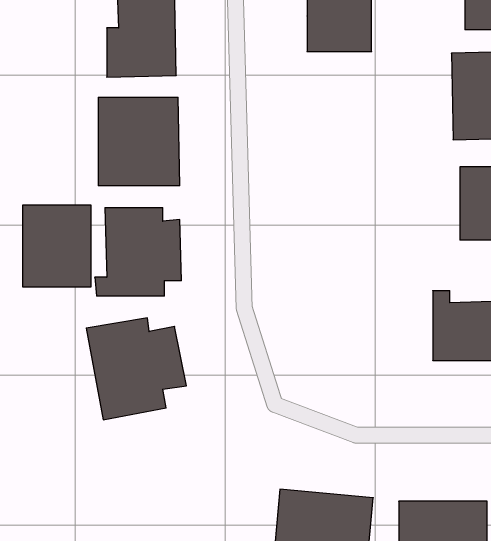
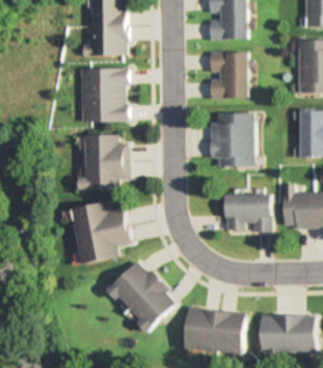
building: none -> [208,51,247,100]
building: none -> [210,113,253,168]
building: [23,205,91,287] -> none
building: none -> [226,195,272,232]
building: none -> [109,260,180,332]

